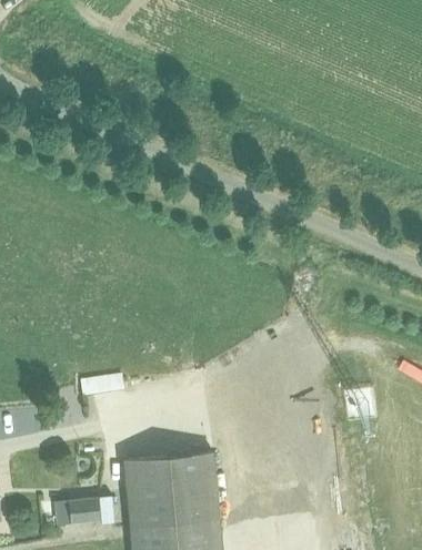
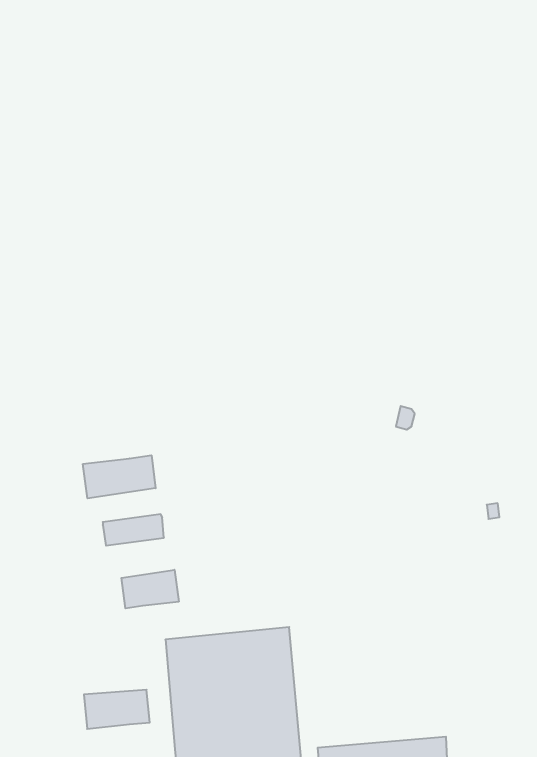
building: none -> [83,455,156,498]
building: none -> [121,570,179,608]

